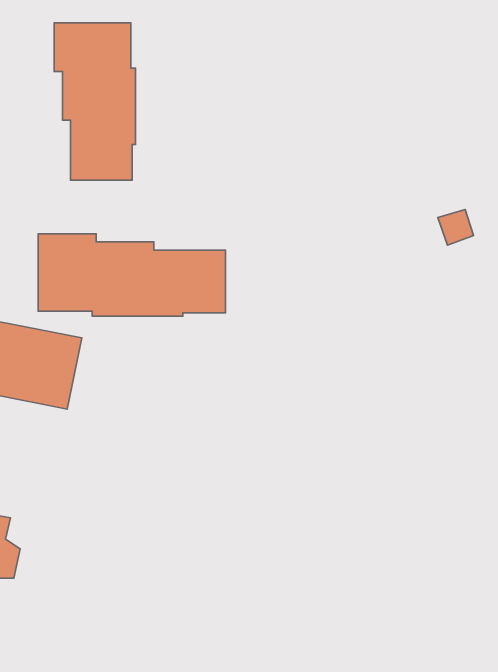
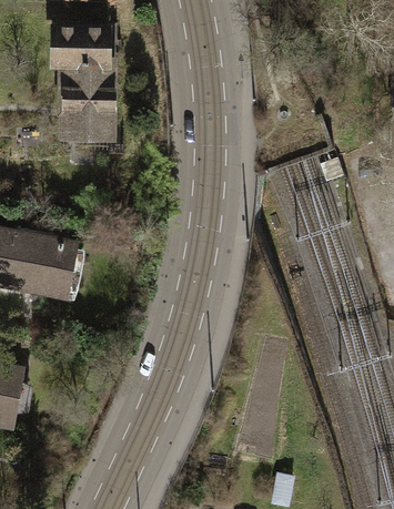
building: [38,234,225,316] -> none

